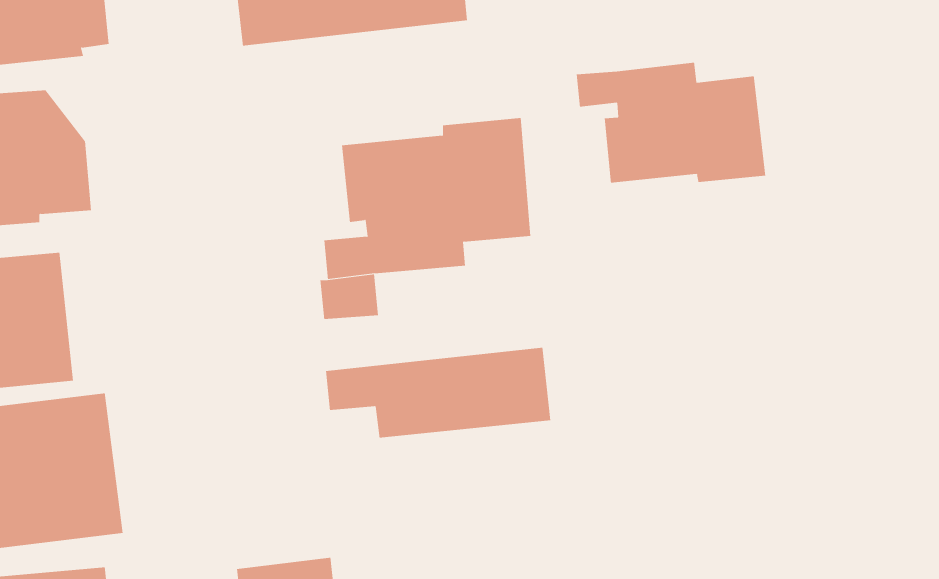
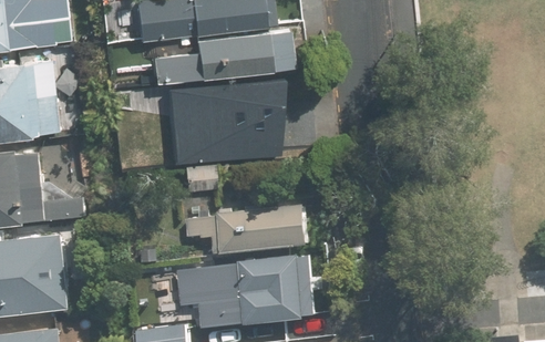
building: none -> [147,31,287,81]
building: [576,62,766,183] -> none
building: none -> [177,256,313,328]

